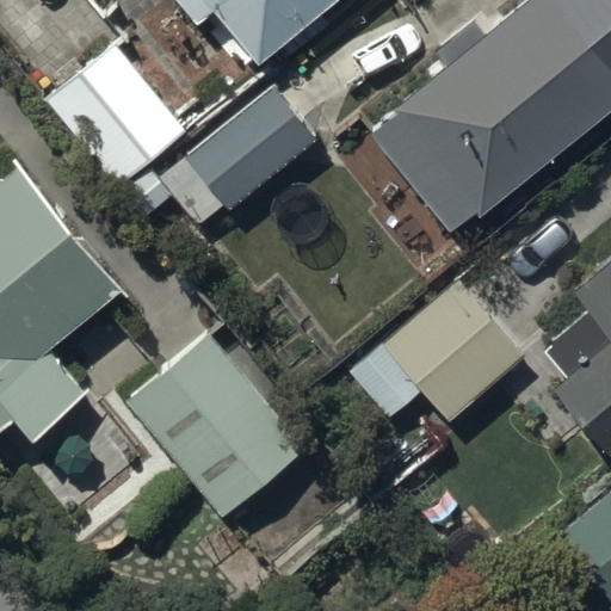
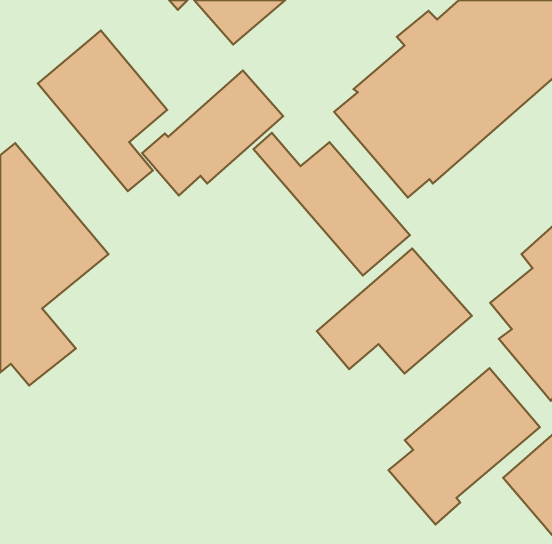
building: none -> [254,133,410,275]
building: [129,328,314,517] -> none
building: none -> [389,368,540,524]

